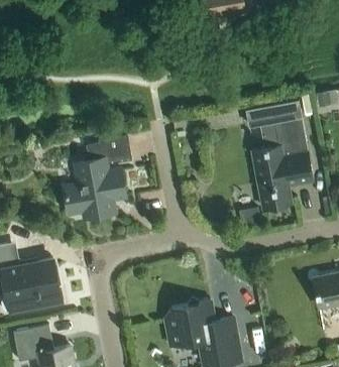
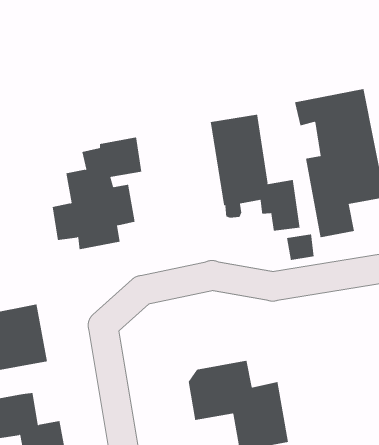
building: none -> [210,114,300,231]

